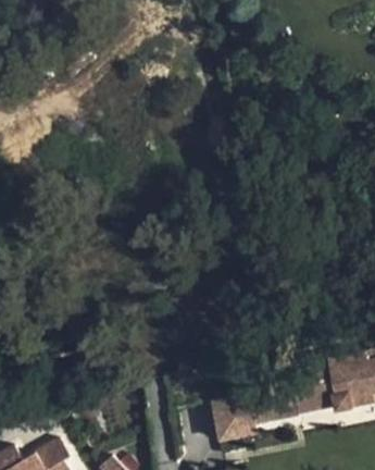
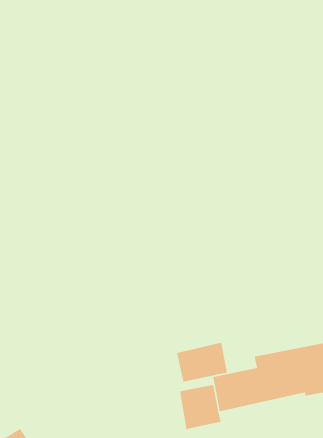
building: none -> [176,342,228,382]

